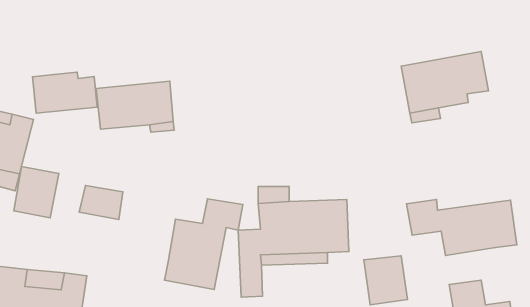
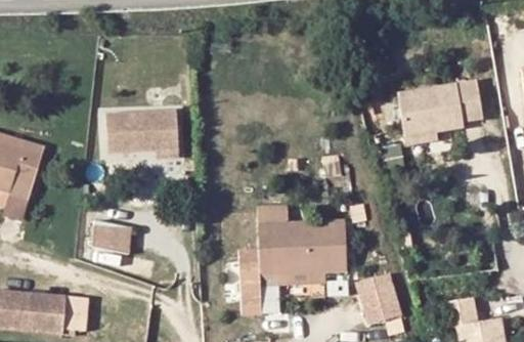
building: [32,72,97,113] -> none
building: [14,167,59,218] -> none
building: [164,199,243,289] -> none
building: [406,199,517,255] -> none

